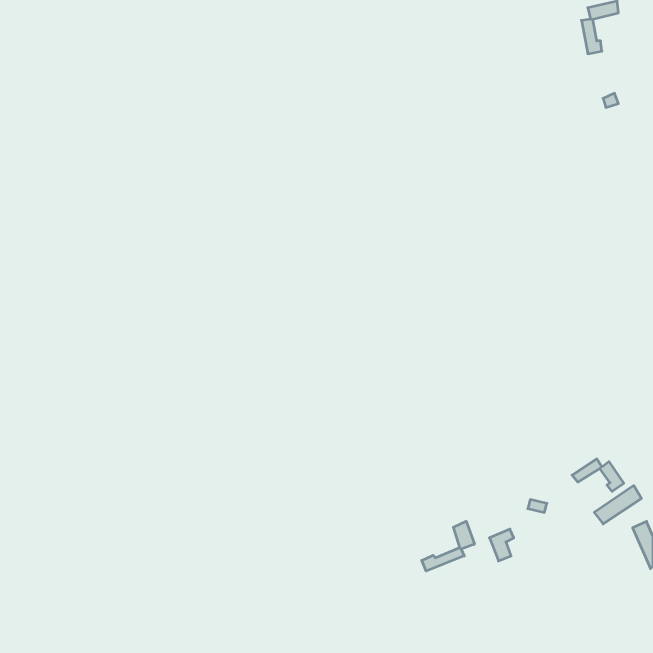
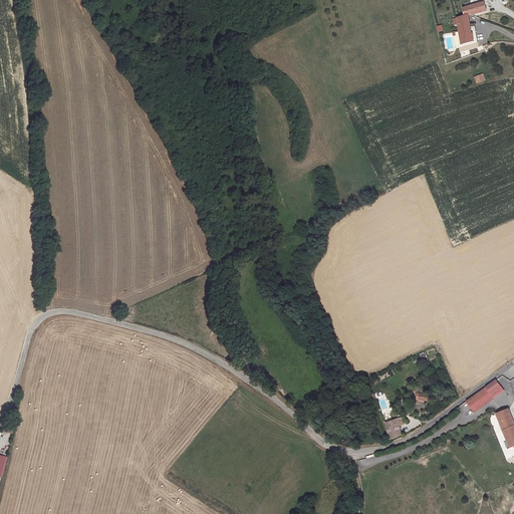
building: [572,459,624,491] -> none
building: [422,521,474,571] -> none

